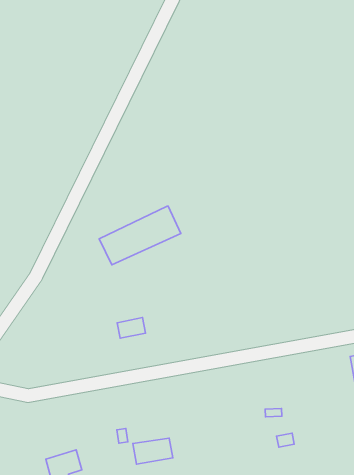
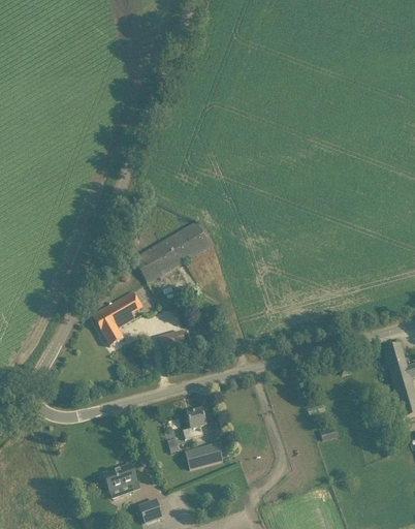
building: none -> [93,290,143,344]
building: none -> [184,407,208,438]

